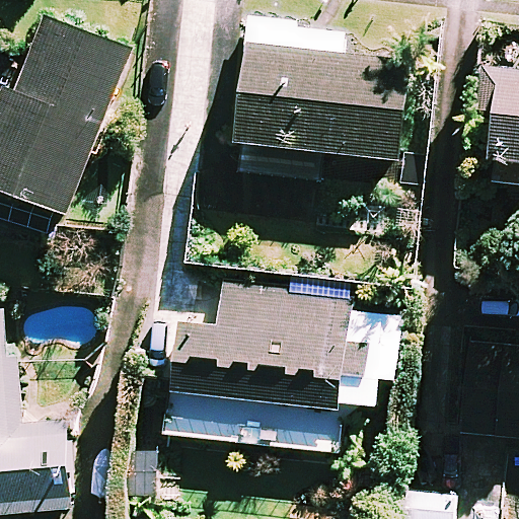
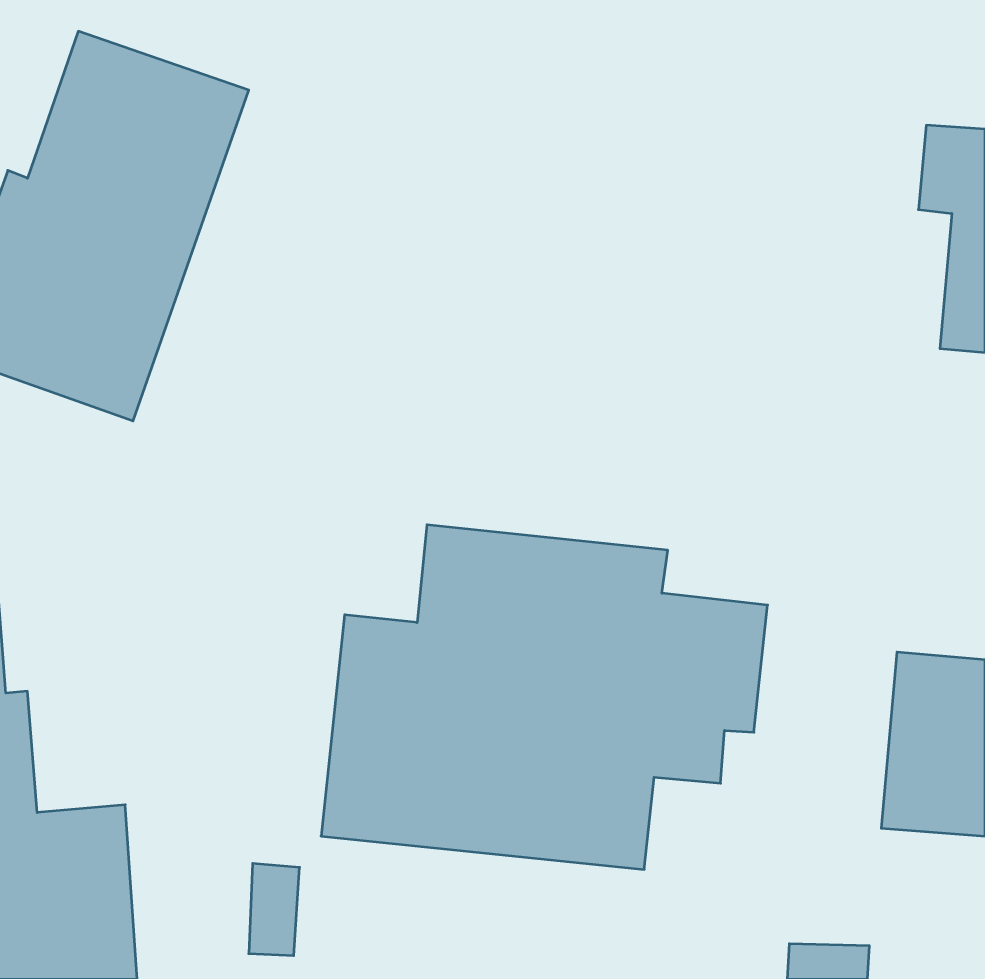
building: [233,44,406,177] -> none

